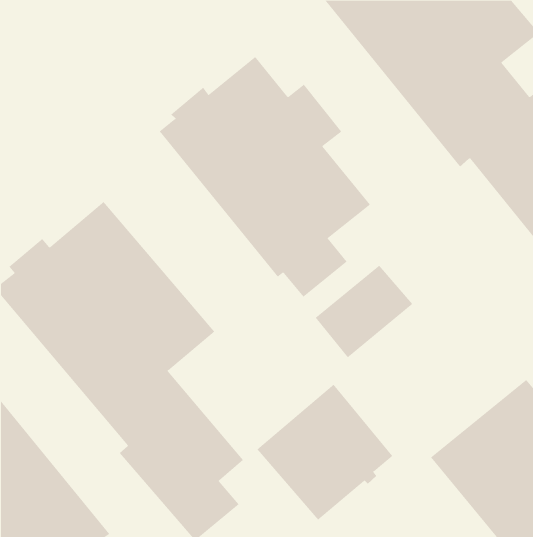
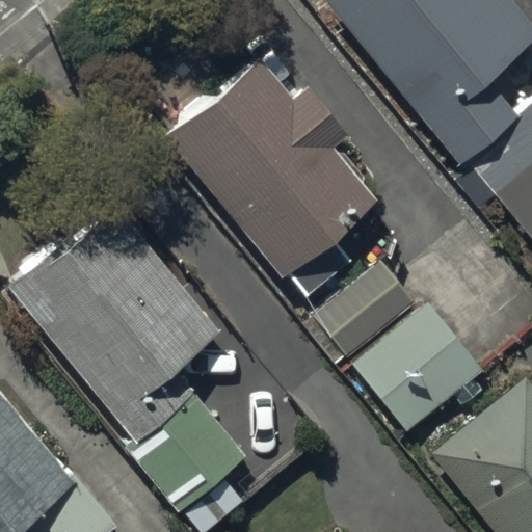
building: [256,384,393,520] -> [350,299,484,433]

